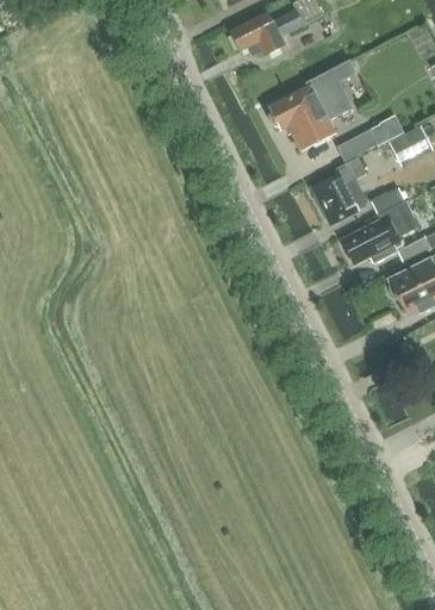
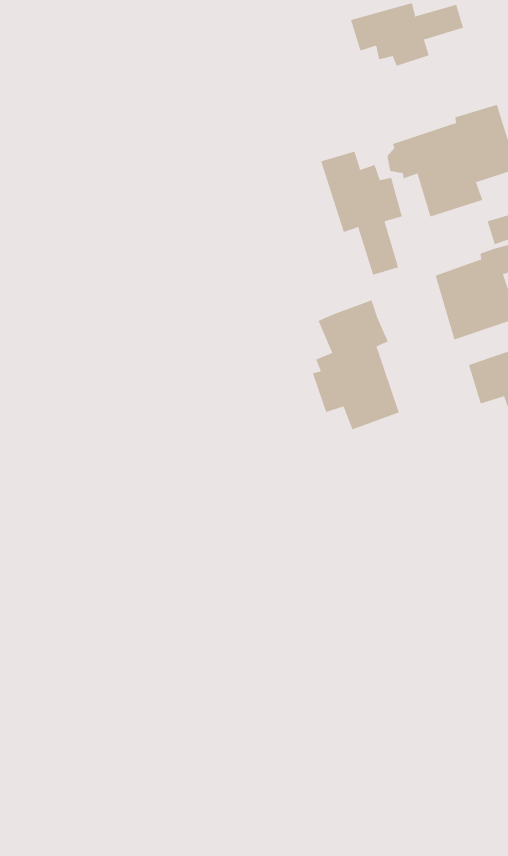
building: none -> [320,151,402,275]
building: none -> [312,299,400,430]

